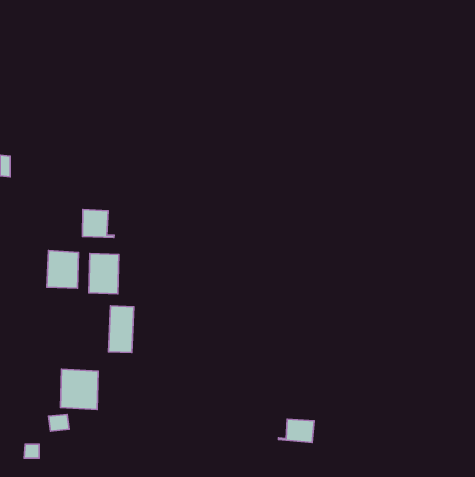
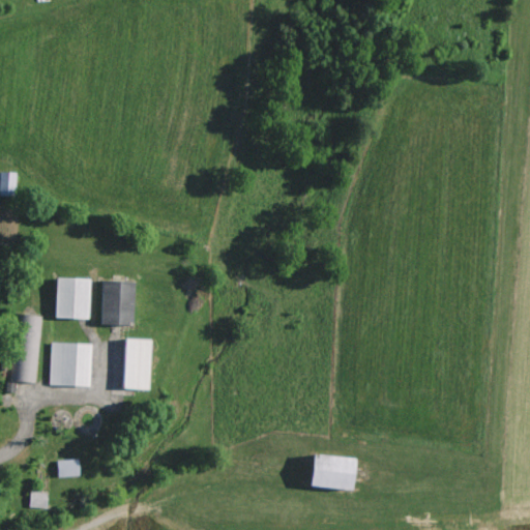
building: [82,210,114,237] -> none
building: [61,369,98,409] -> [50,343,91,387]

